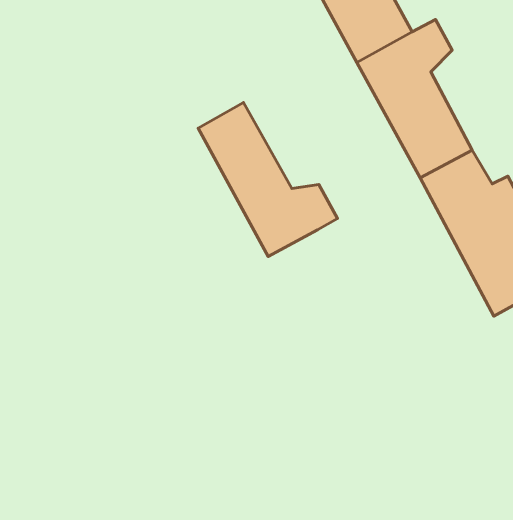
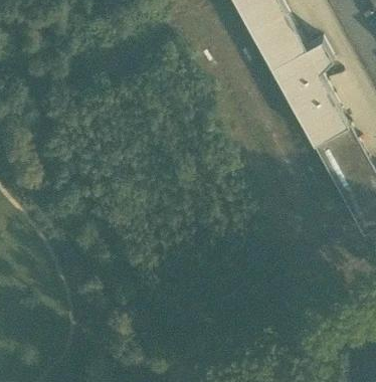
building: [198,103,338,256] -> none

